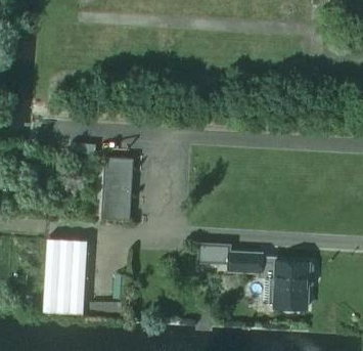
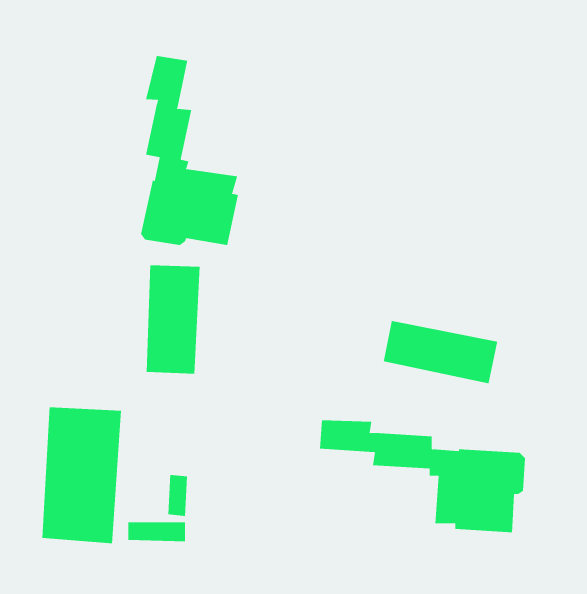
building: none -> [141,55,239,246]
building: none -> [383,320,498,384]

